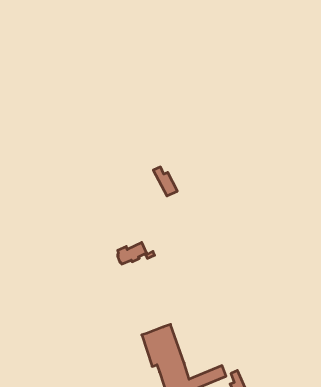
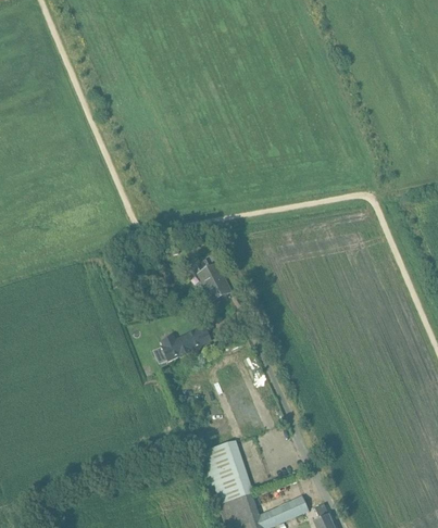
building: [153,167,177,196] -> [196,257,228,297]

